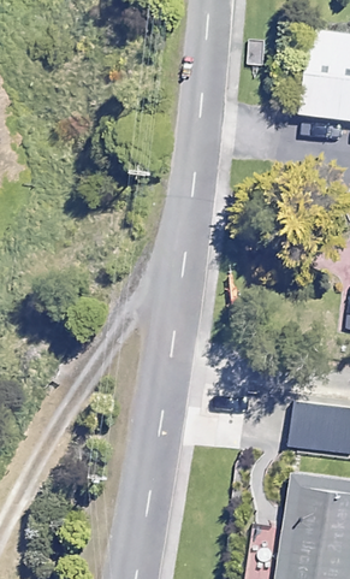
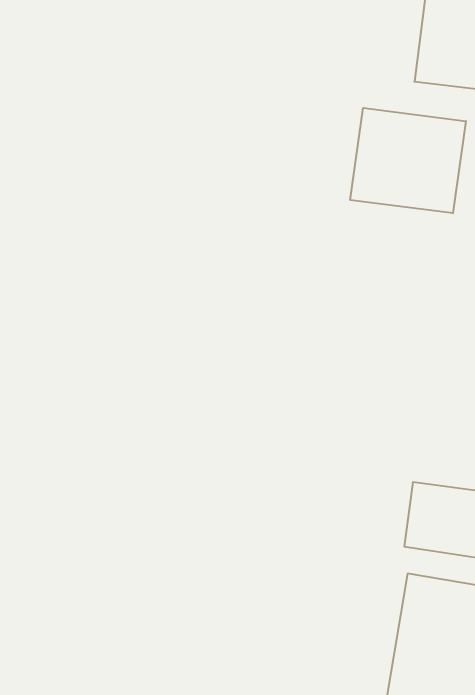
building: none -> [350,108,466,213]

